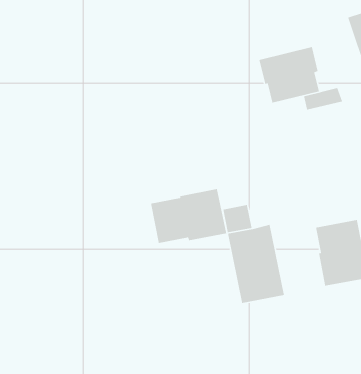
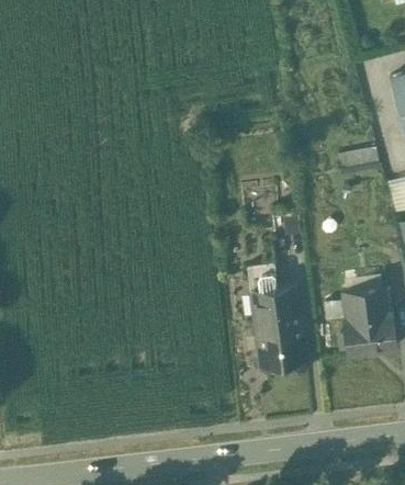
building: [259,46,320,103] -> none
building: [150,188,227,244] -> none

